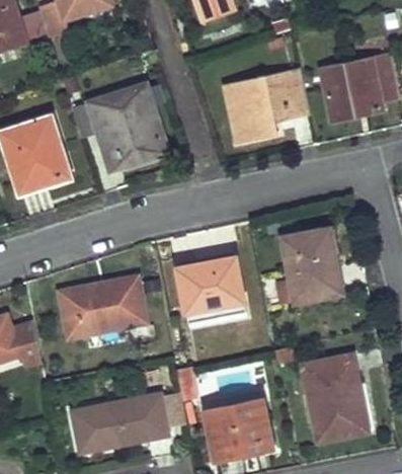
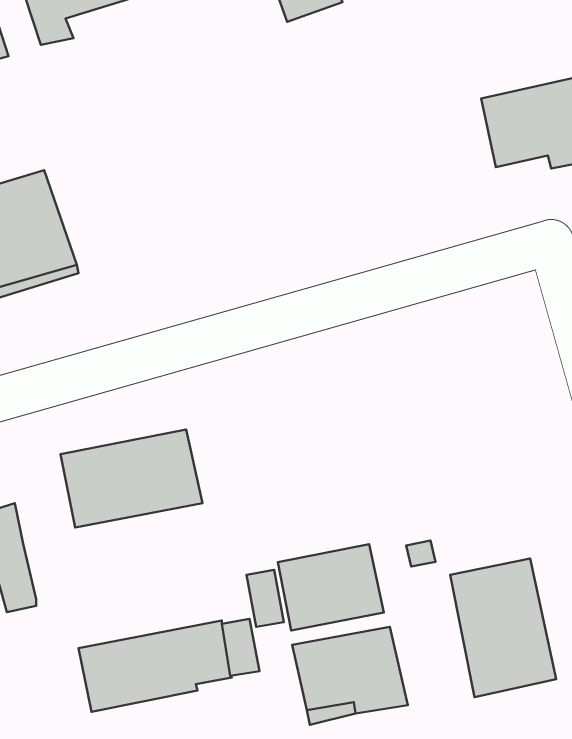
building: [224,72,309,142] -> none
building: [72,85,165,167] -> none
building: [284,230,341,302] -> none
building: [177,258,243,312] -> [278,544,384,631]

